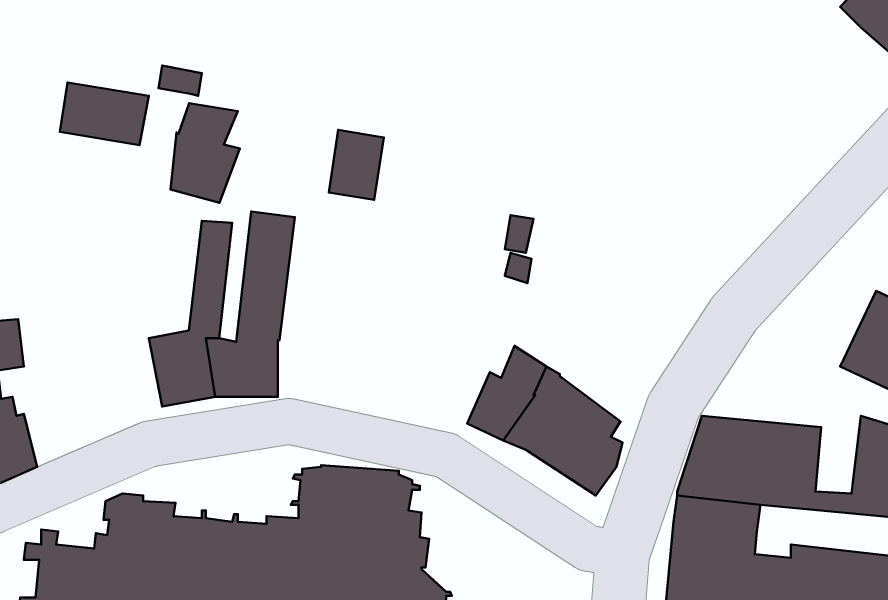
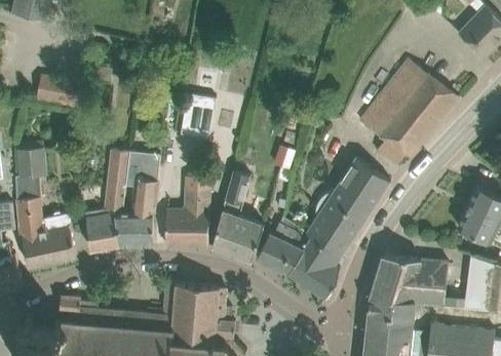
building: none -> [359,57,459,165]
building: [170,103,240,203] -> none
building: none -> [15,148,76,266]
building: none -> [306,158,390,258]
building: none -> [211,170,263,261]
building: none -> [164,175,208,245]

